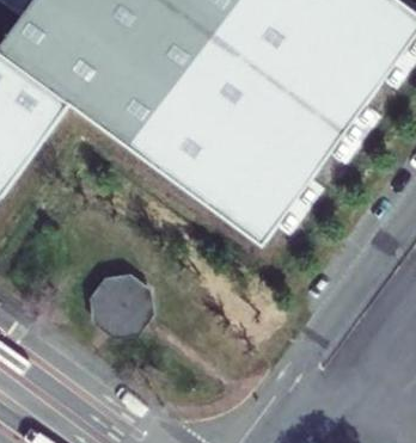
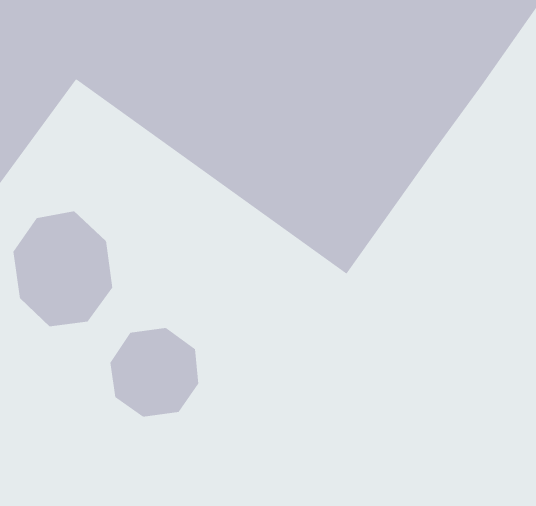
building: none -> [13,211,113,327]

